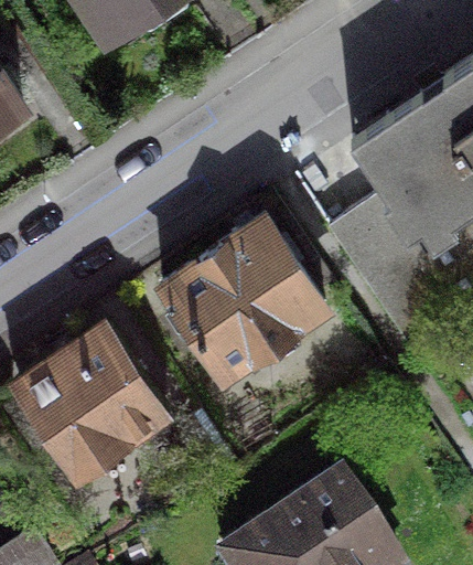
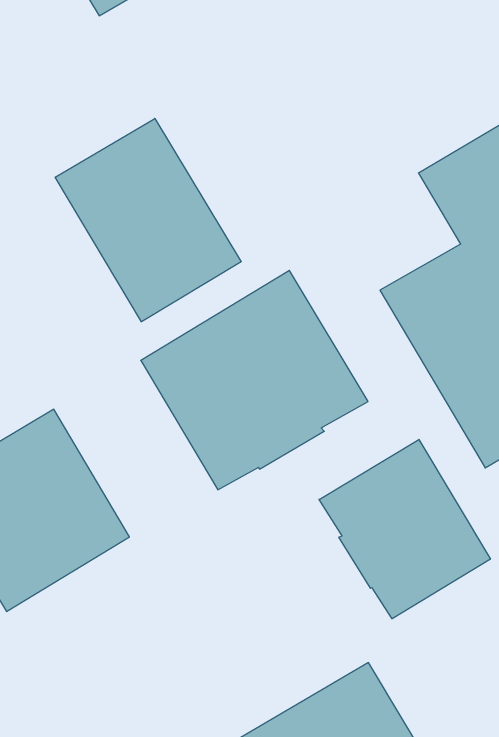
building: none -> [55,118,241,322]
building: none -> [319,439,490,619]

